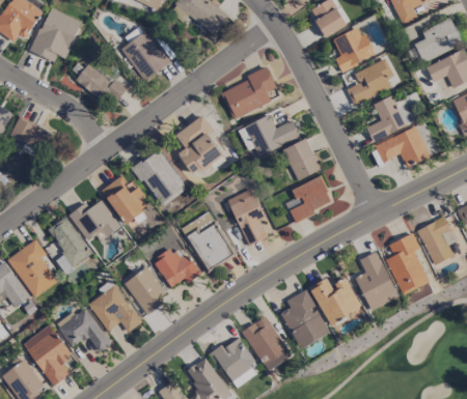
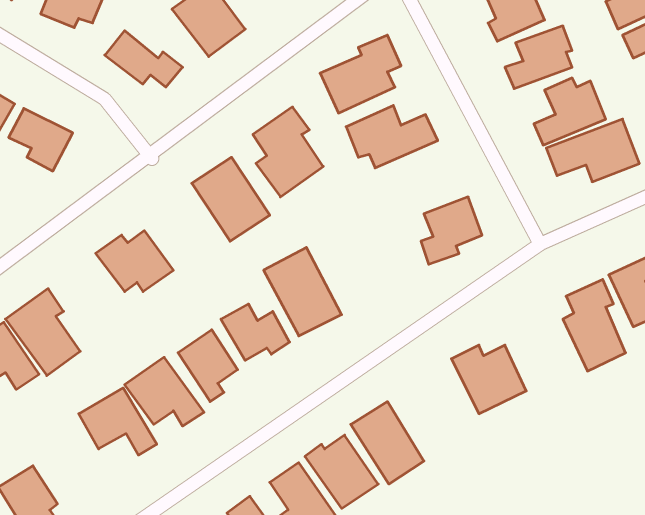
building: [281,138,321,180] -> none
building: [101,175,149,223] -> none
building: [227,188,267,245] -> none
building: [47,216,91,273] -> none
building: [356,251,397,309] -> none
building: [279,289,329,348] -> none
building: [22,324,71,386] -> none

